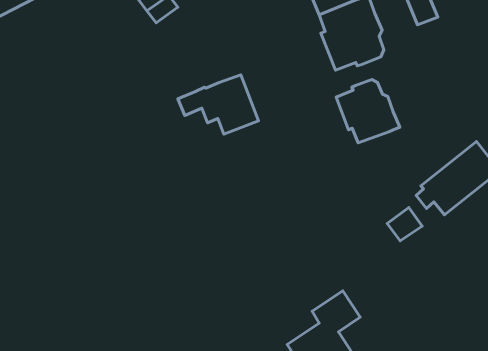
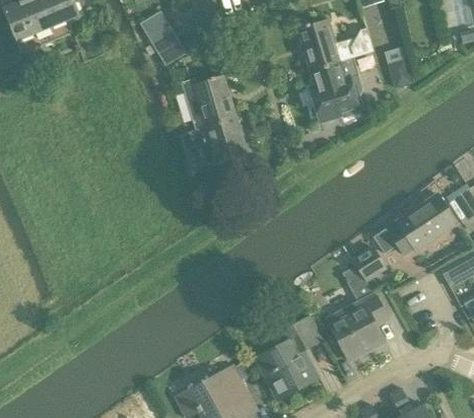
building: none -> [182,76,236,130]
building: [336,80,400,143] -> none
building: none -> [326,284,388,360]

